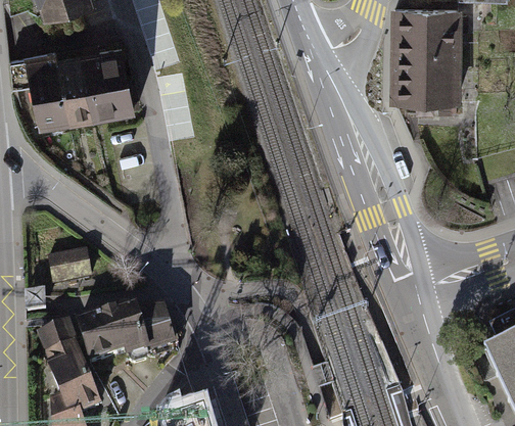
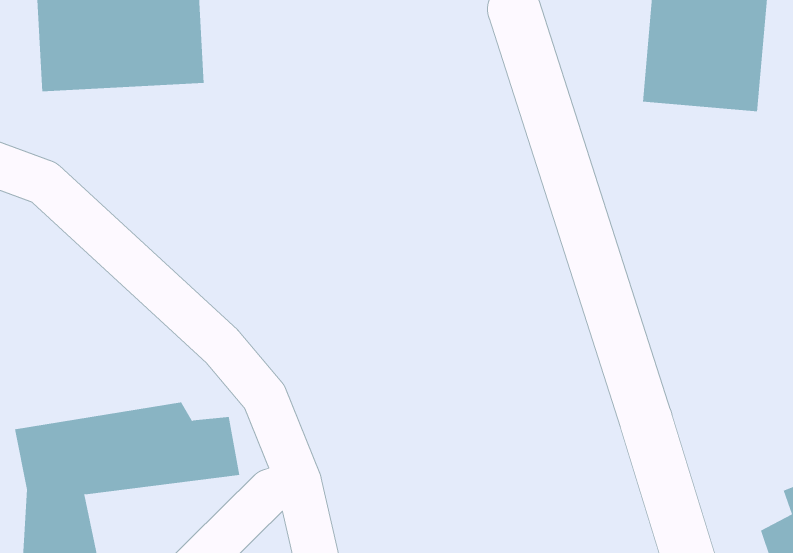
building: [51,249,91,286] -> none

